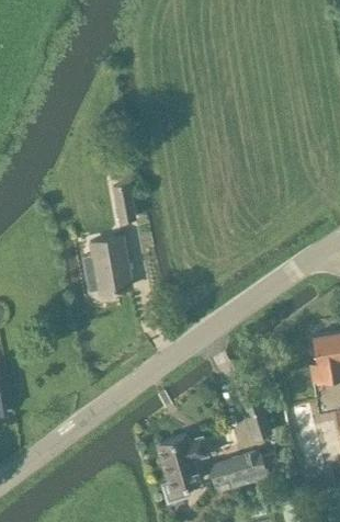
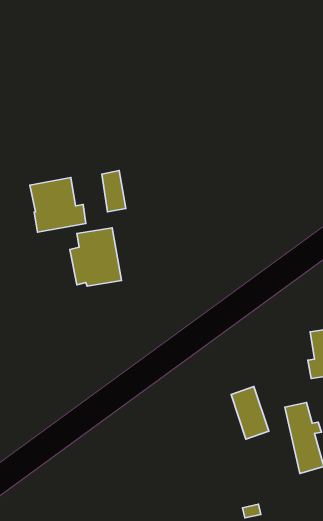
building: none -> [30,178,86,232]
building: [158,435,207,501] -> none
building: [211,451,281,490] -> none

